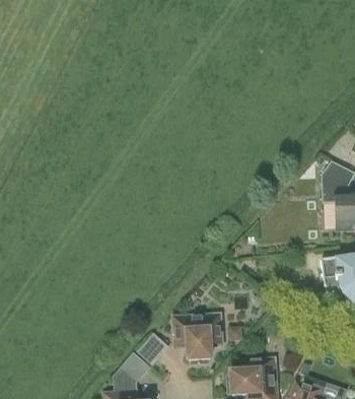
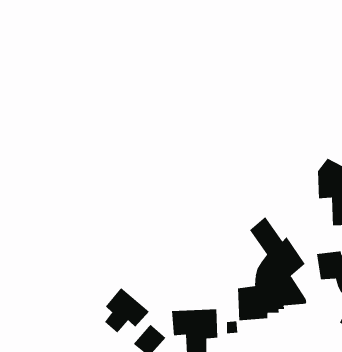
building: none -> [238,216,307,321]
building: none -> [104,287,150,333]

